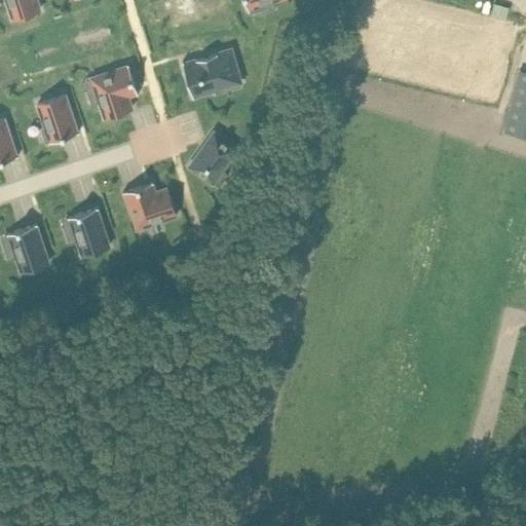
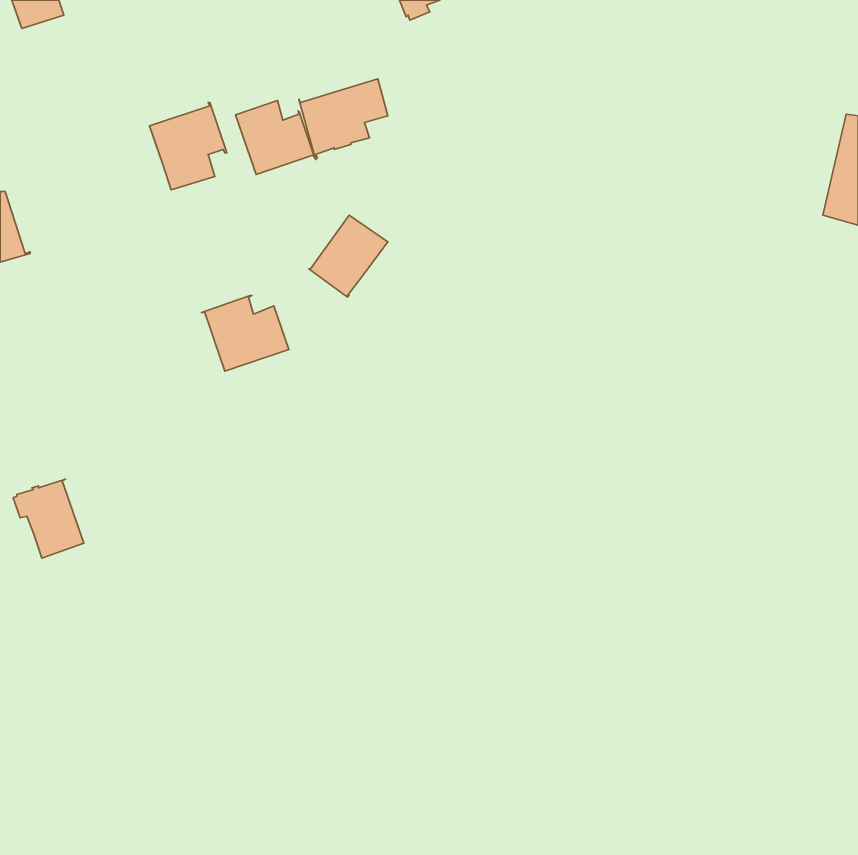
building: none -> [236,100,315,175]
building: [38,96,79,144] -> none
building: [66,209,109,257] -> none
building: [5,225,48,273] -> [13,479,84,558]

